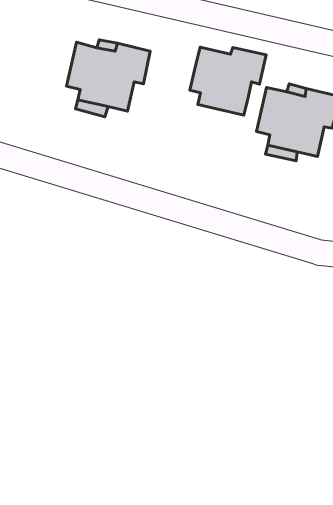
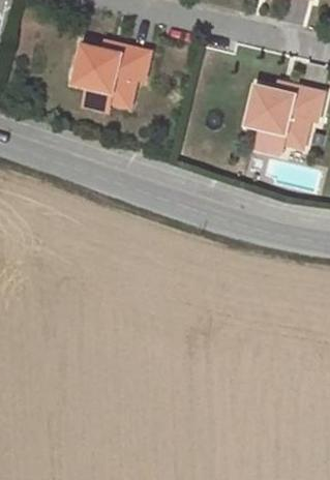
building: [190,47,266,115] -> none

